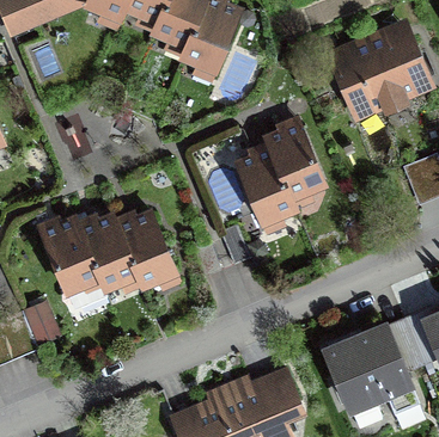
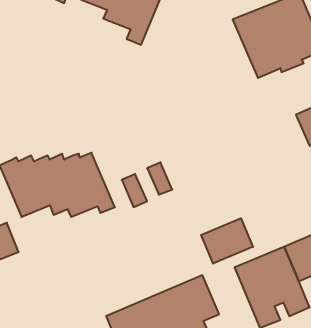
building: [234,125,324,234] -> none
building: none -> [201,218,253,264]

